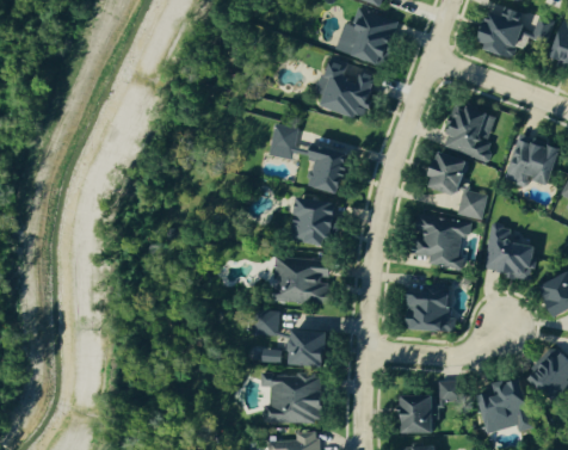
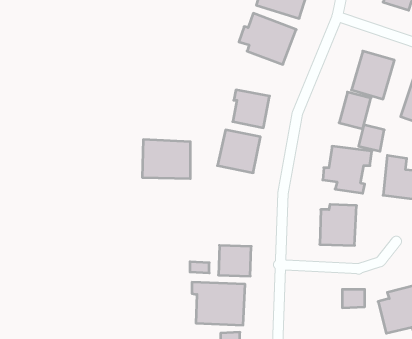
building: [266,125,295,159] -> none
building: [271,258,327,303] -> [142,140,190,179]
building: [251,310,276,335] -> none
building: [402,394,433,433] -> none

